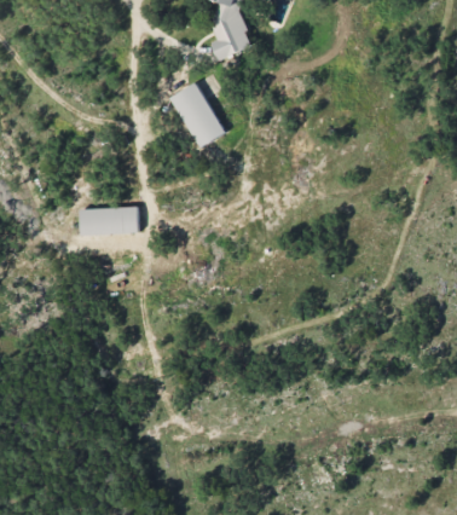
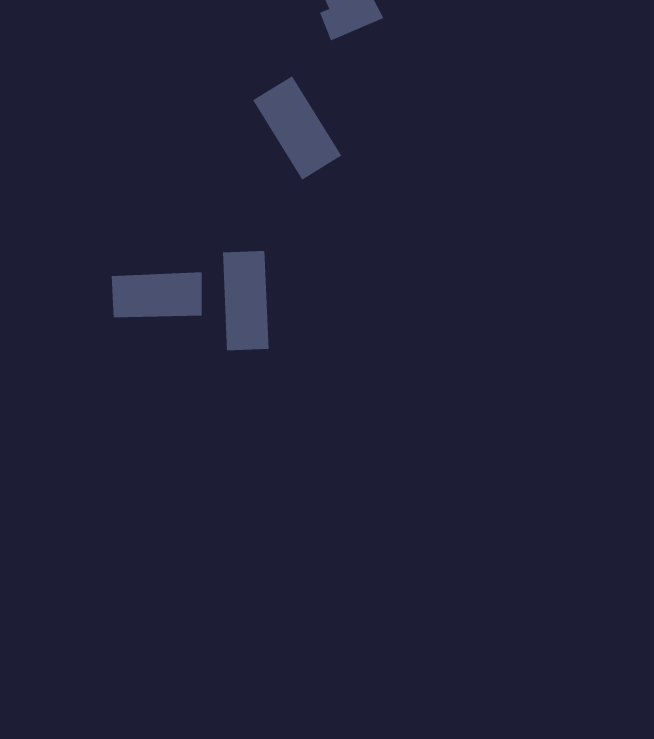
building: none -> [222,250,269,351]

